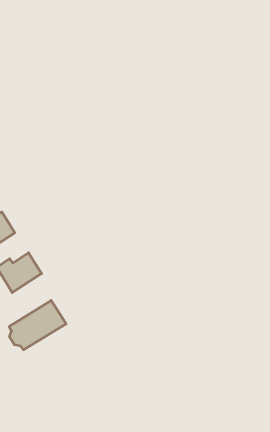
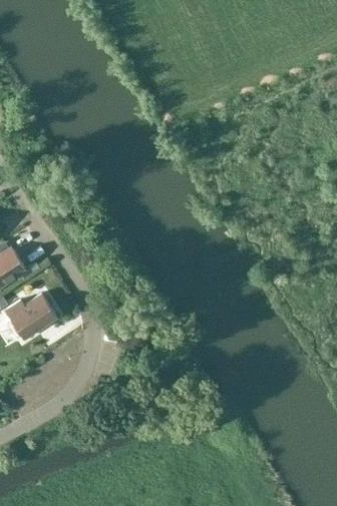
building: [9,300,66,350] -> none

